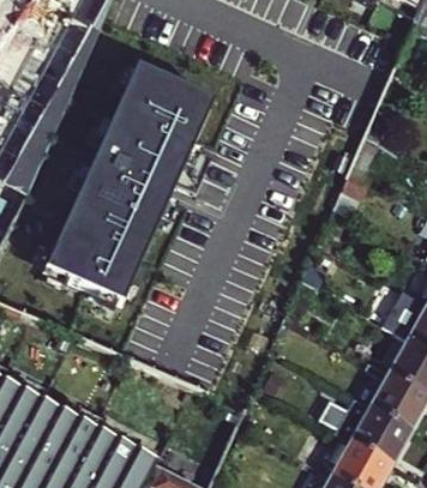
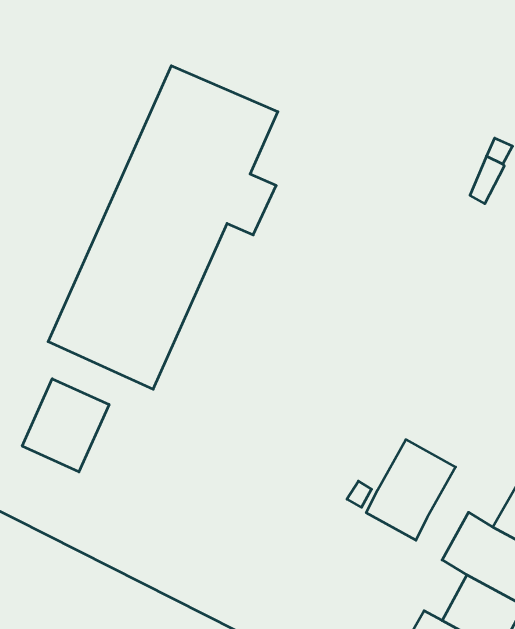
building: none -> [22,379,109,472]
building: none -> [366,440,456,540]

